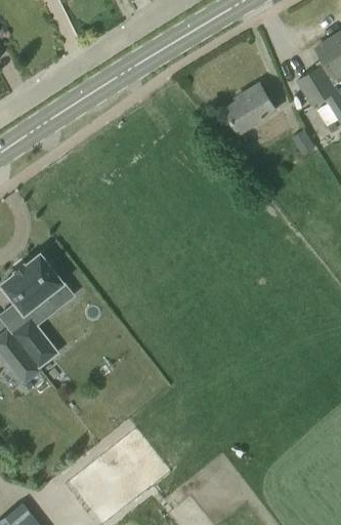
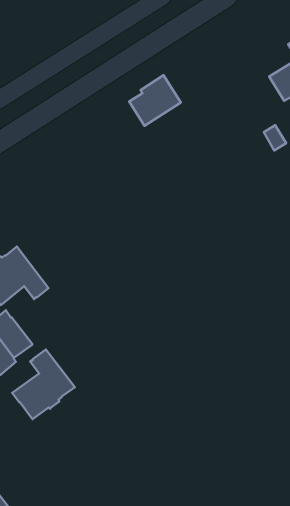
building: [224,84,276,135] -> [129,75,181,126]
building: none -> [12,350,75,419]

